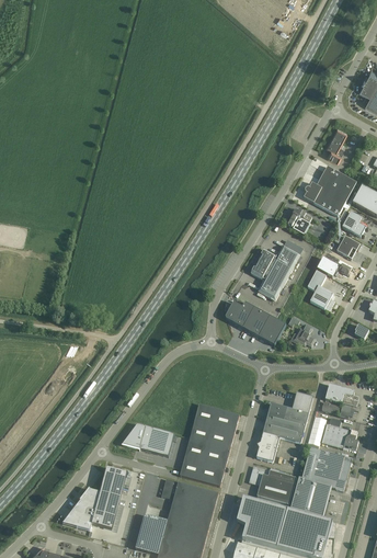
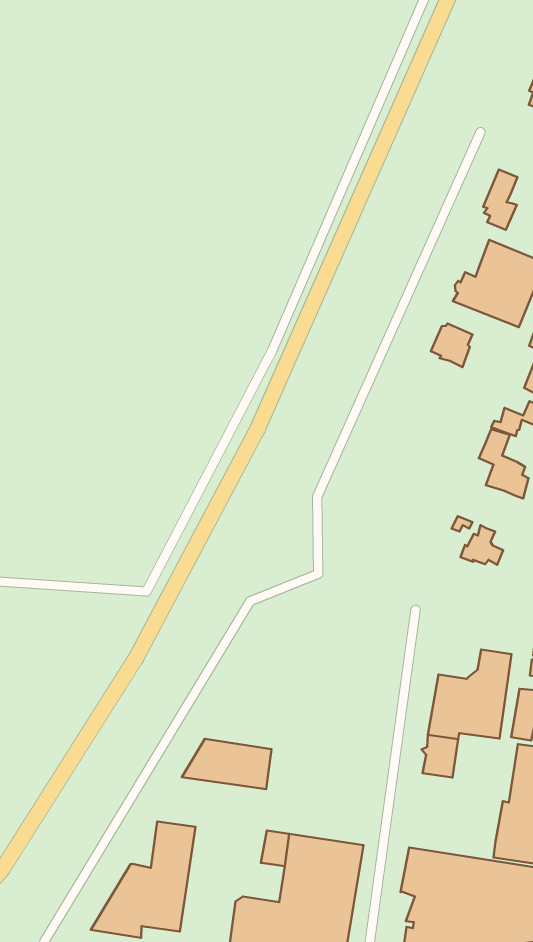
building: [250,238,302,299] -> none
building: [225,301,285,344] -> none
building: [179,402,239,486] -> none
building: [248,465,296,504] -> none

